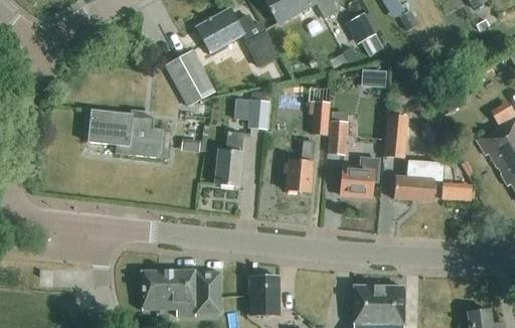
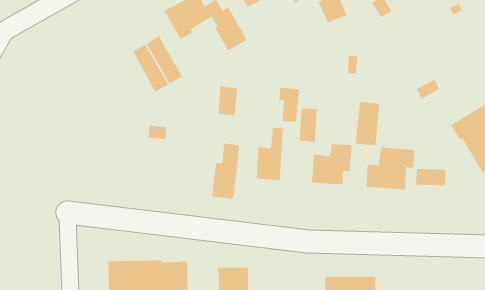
building: [88,110,166,158] -> none
building: [216,131,244,186] -> [211,143,240,200]

